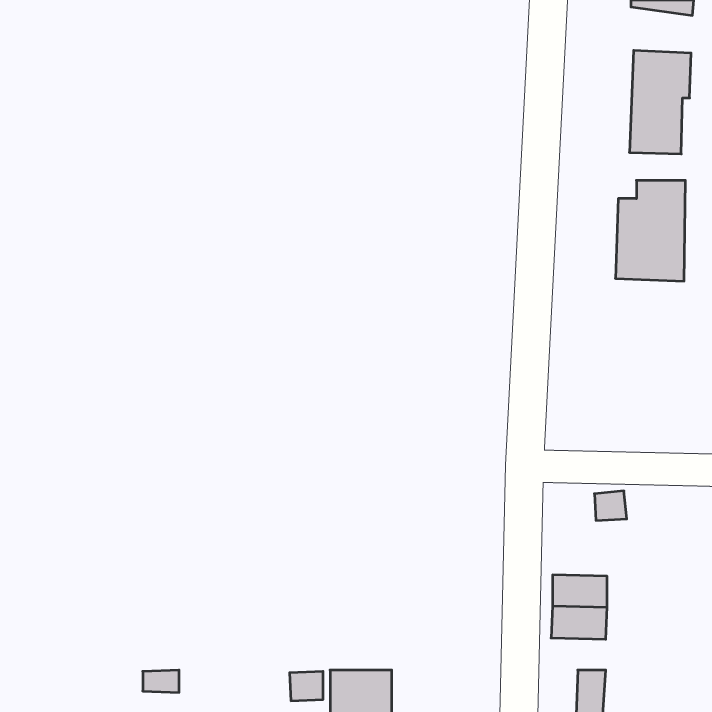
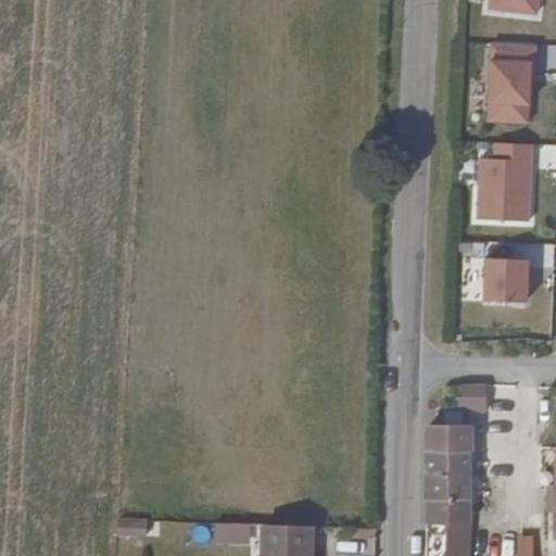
building: none -> [484,258,528,302]
building: none -> [429,425,471,450]
building: none -> [428,497,470,523]

